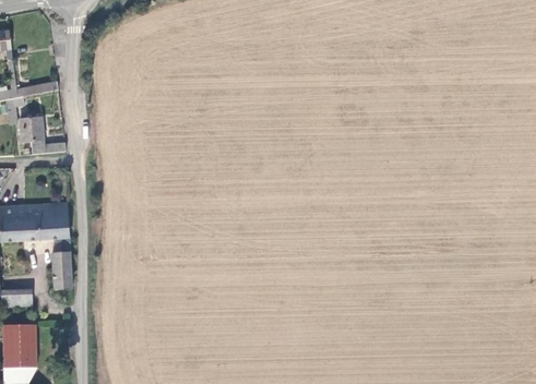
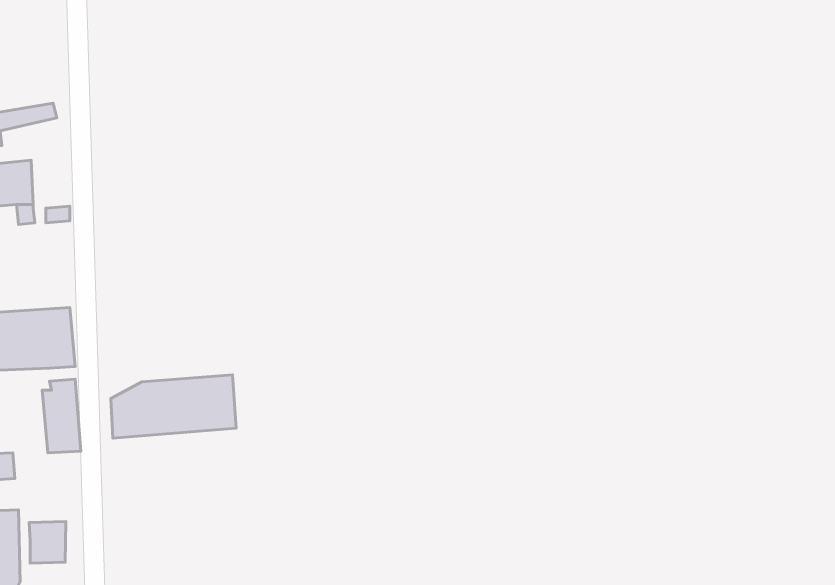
building: none -> [111,375,236,438]
building: none -> [29,521,66,563]

